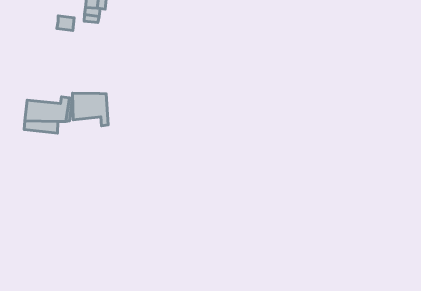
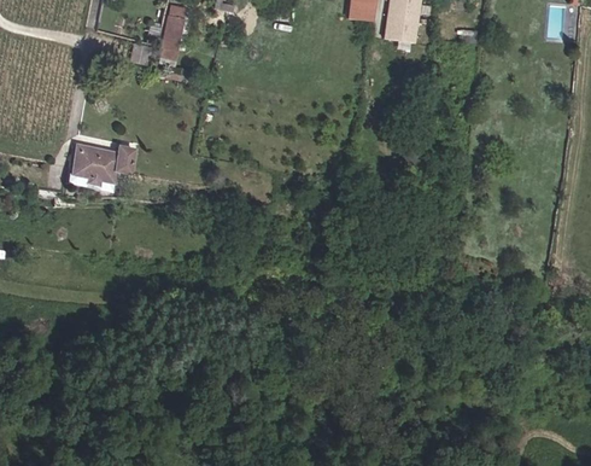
building: [72,93,108,126] -> none

